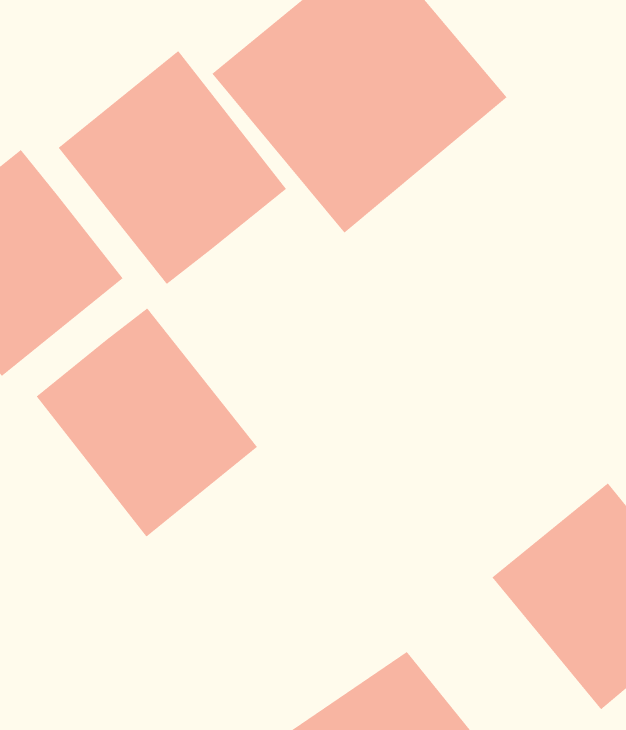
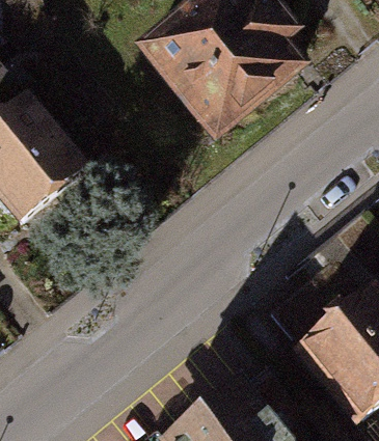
building: [58,50,287,285] -> none
building: [36,308,258,537] -> none

